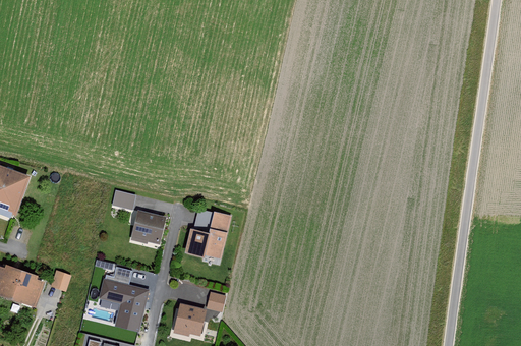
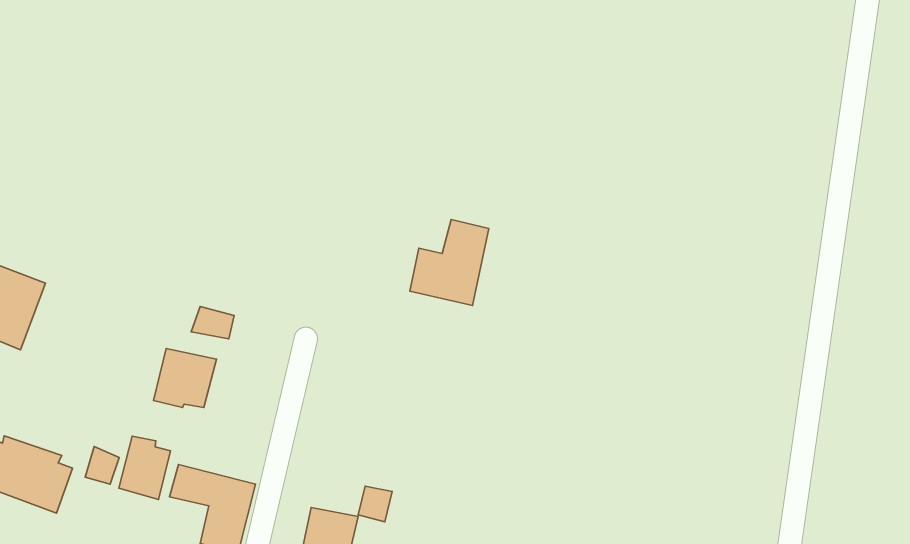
building: [130,211,166,244] -> [154,348,216,408]
building: [185,212,230,261] -> [410,219,489,306]
building: none -> [119,436,170,499]

